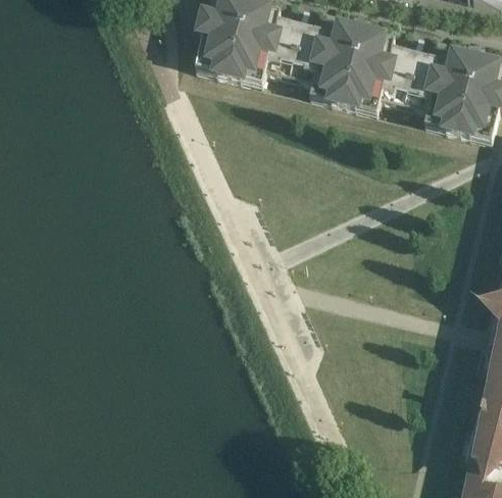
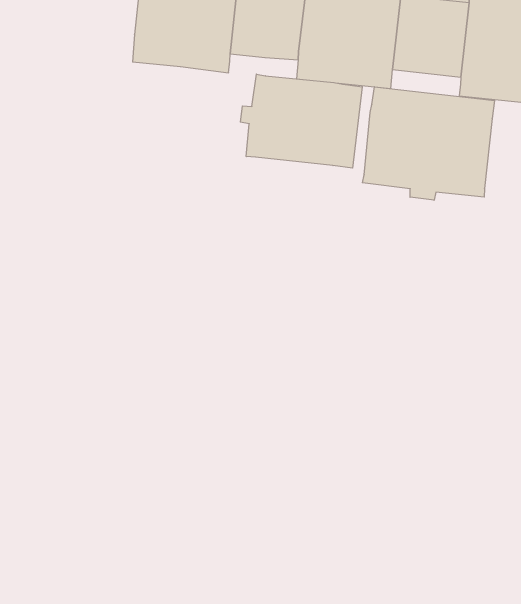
building: none -> [240,74,362,168]
building: none -> [362,87,495,200]

